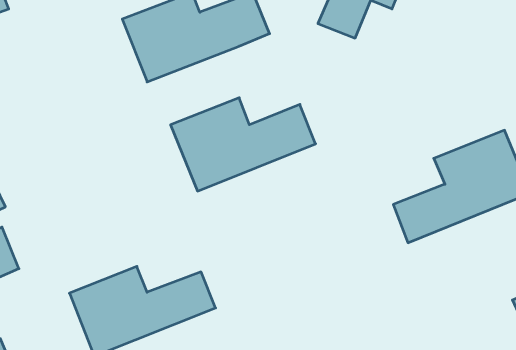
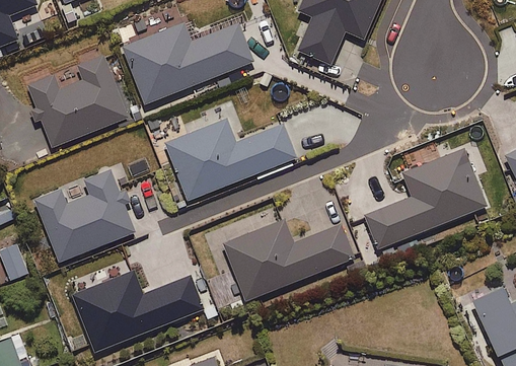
building: none -> [27,55,129,147]
building: none -> [33,168,136,262]
building: none -> [223,219,354,301]

